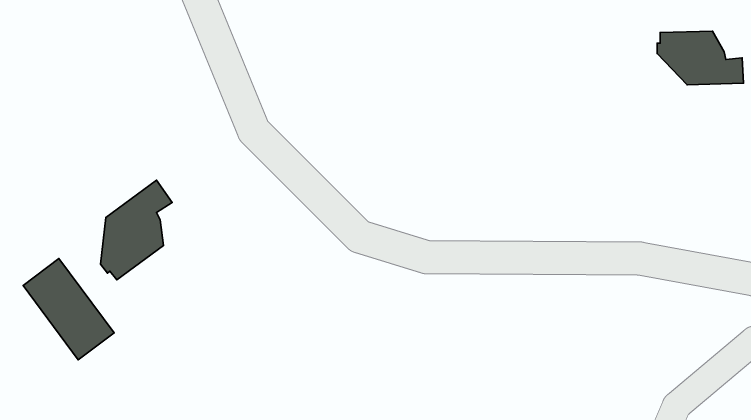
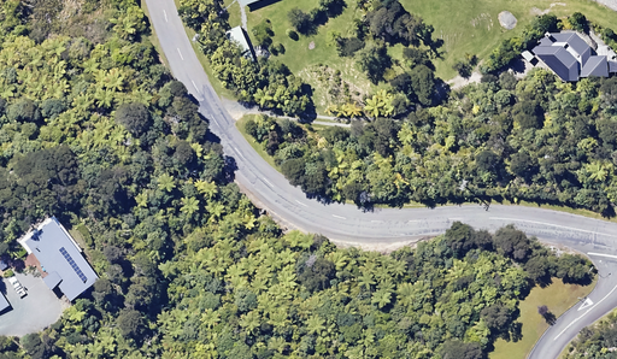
building: [100,180,172,280] -> none

